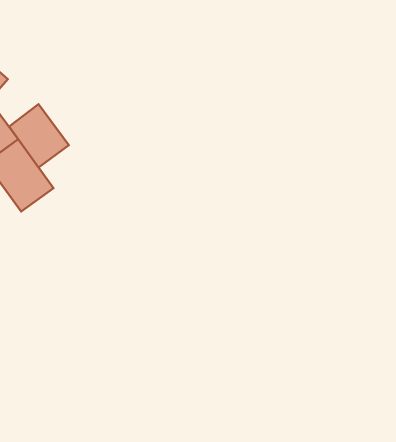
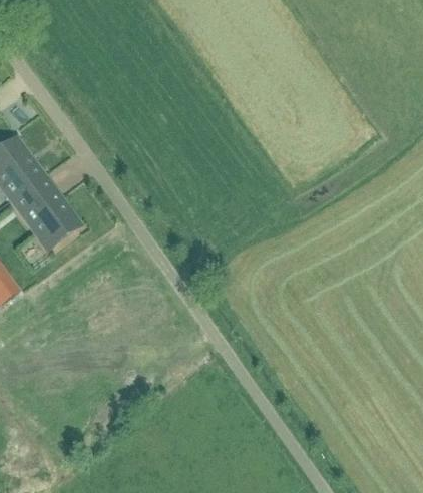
building: [9,104,69,167] -> none

